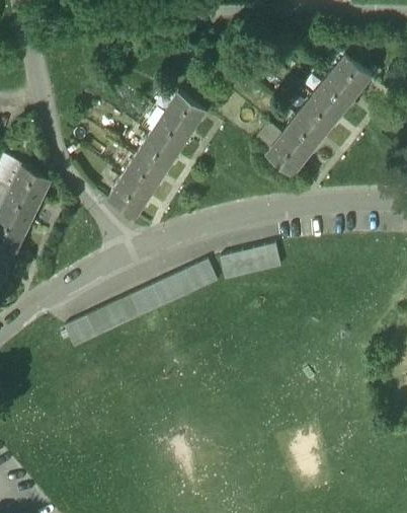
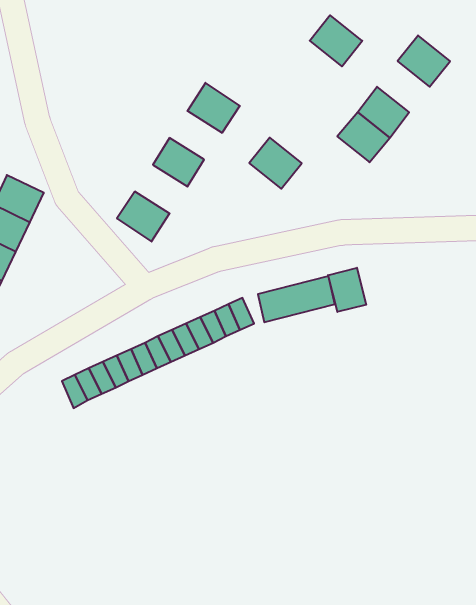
building: [314,73,355,114] -> [310,15,362,66]
building: [150,113,191,151] -> none
building: [266,133,308,173] -> [249,138,302,189]
building: [123,155,164,194] -> none
building: none -> [328,268,366,312]

